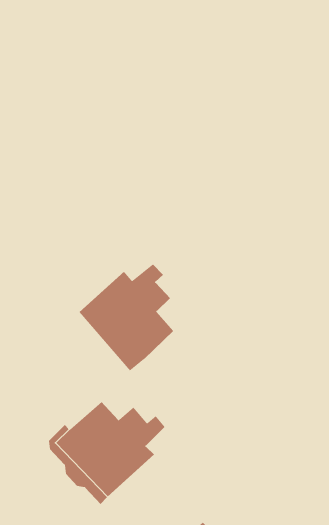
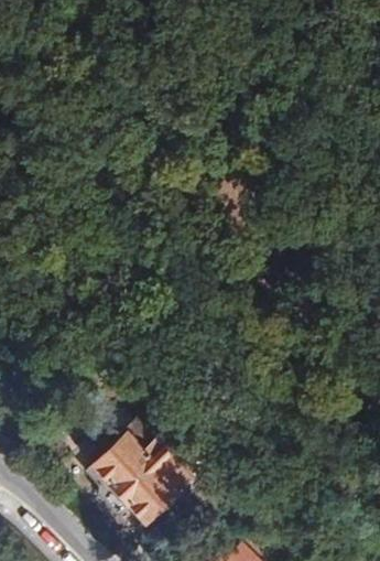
building: [79,264,174,371] -> none

